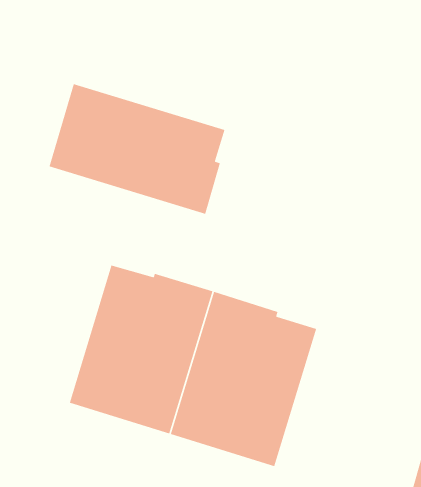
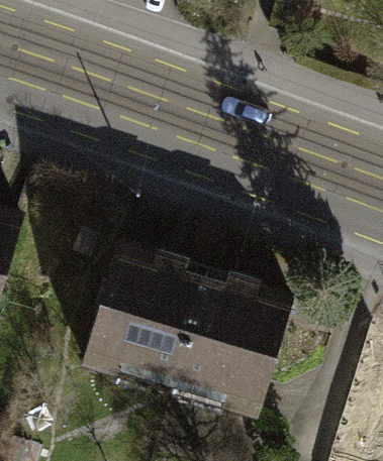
building: [48,83,225,215] -> none

